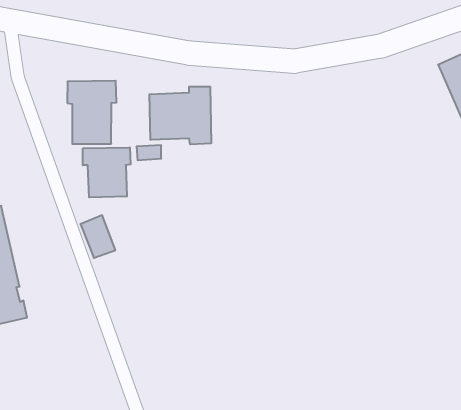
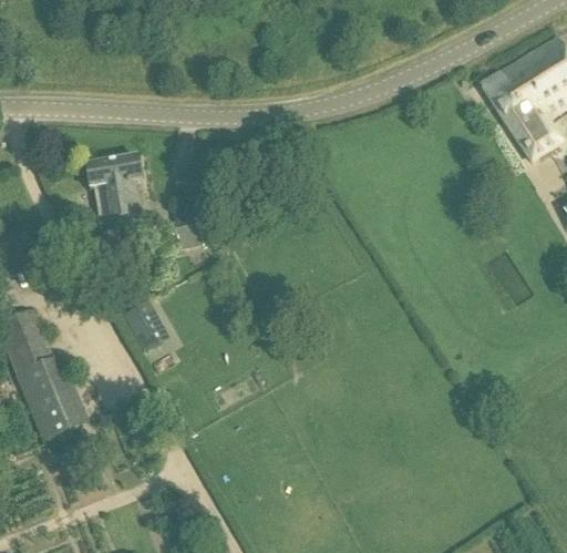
building: [149,87,211,144] -> none
building: [83,147,131,197] -> none

